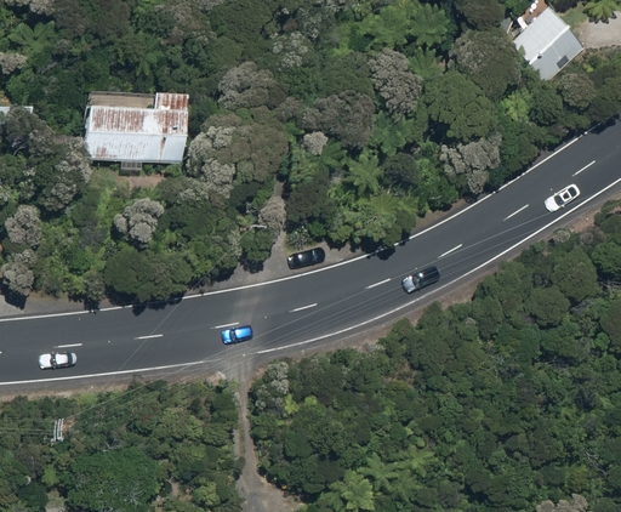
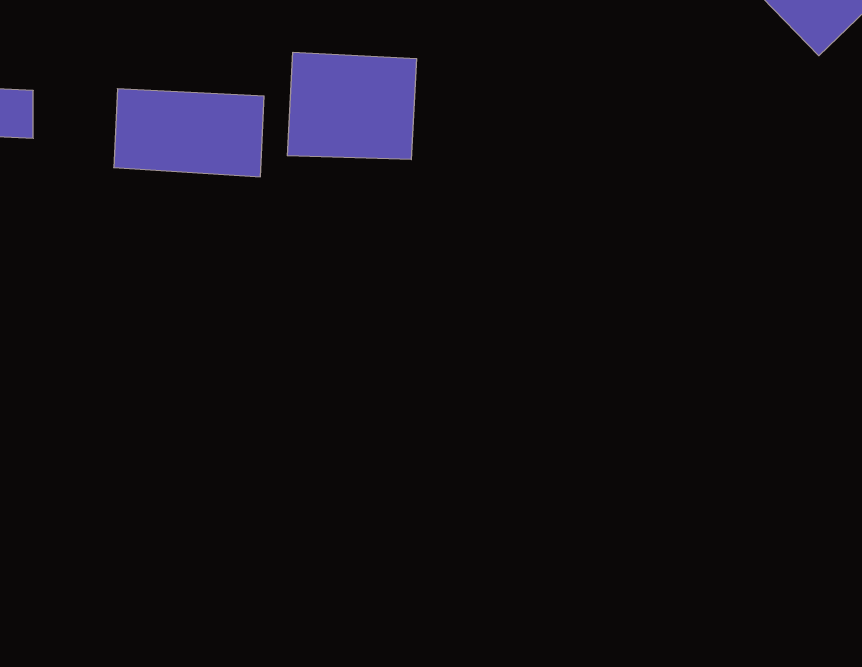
building: none -> [287,52,417,160]

